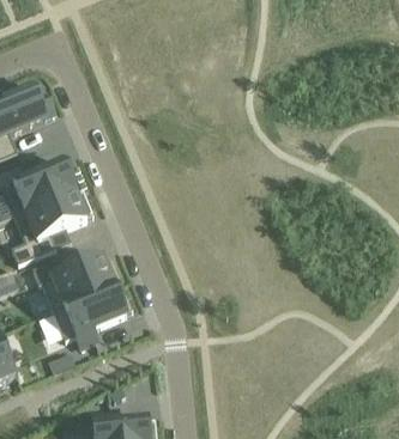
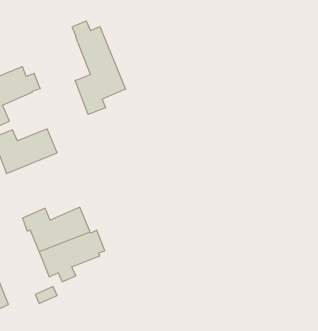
building: none -> [72,21,126,114]
building: [12,187,93,261] -> none

